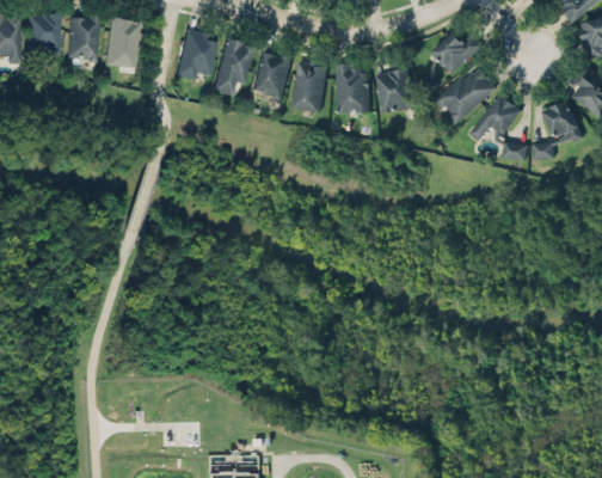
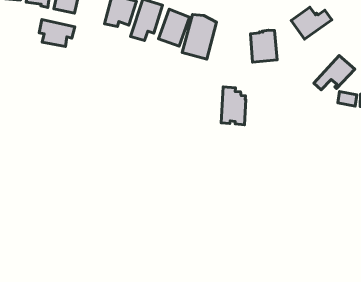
building: [336,63,369,112] -> [221,87,246,125]
building: [434,69,496,125] -> none
building: none -> [39,20,75,47]

